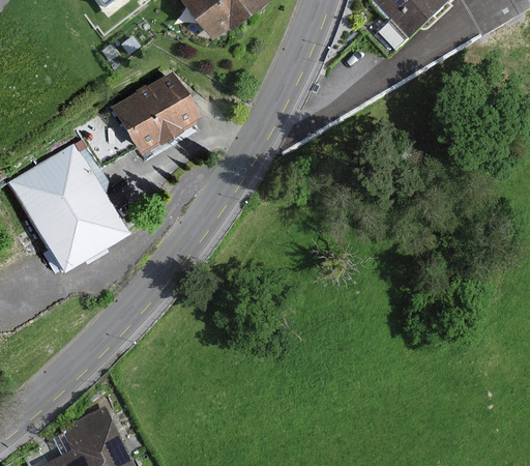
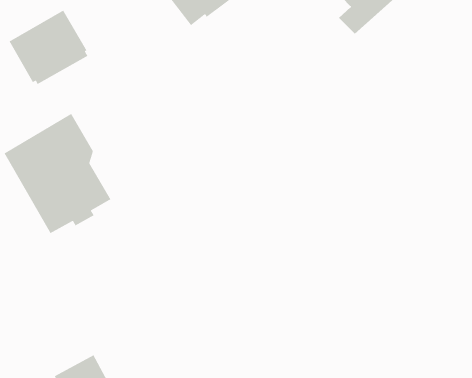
building: [108,70,197,154] -> [8,10,88,85]

